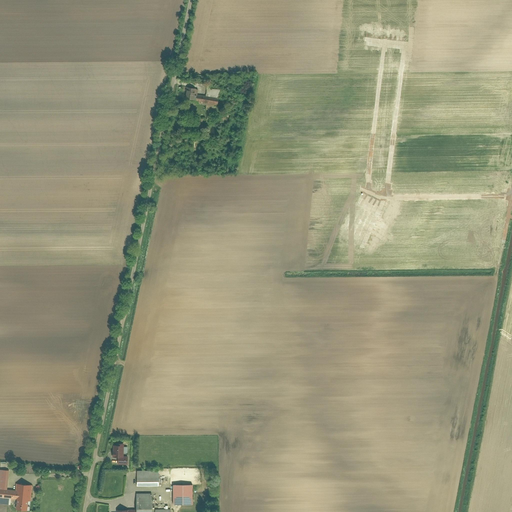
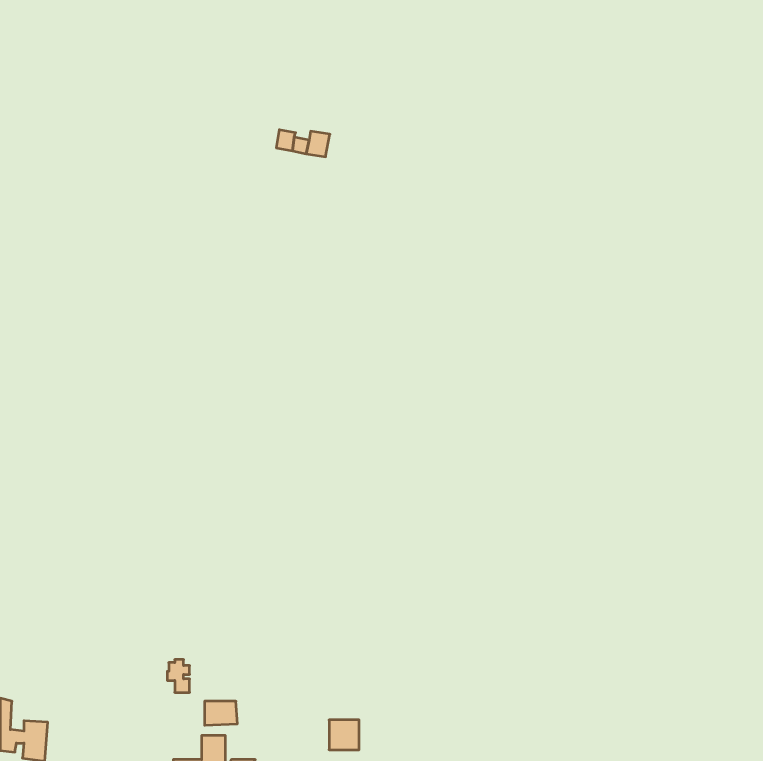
building: [172,485,192,505] -> [329,720,359,750]

